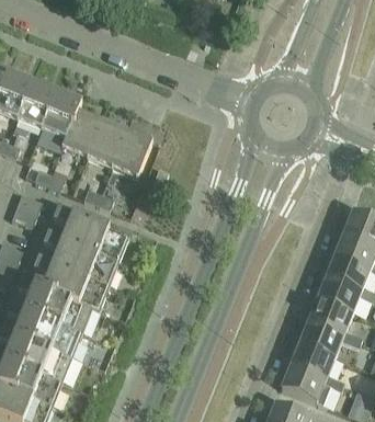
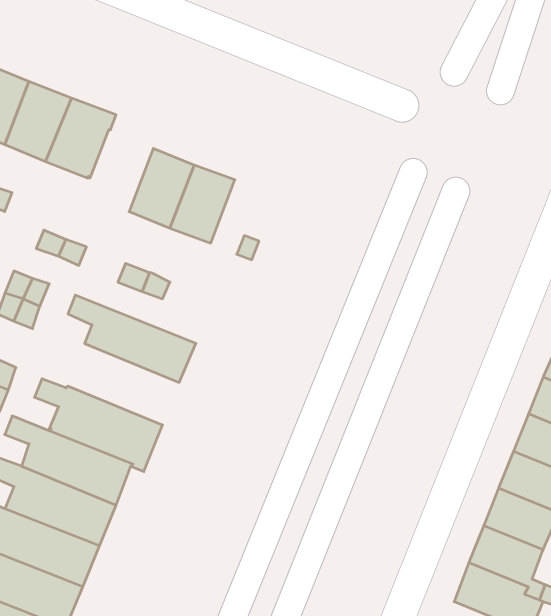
building: [61,109,104,157] -> none
building: [44,230,120,283] -> none

